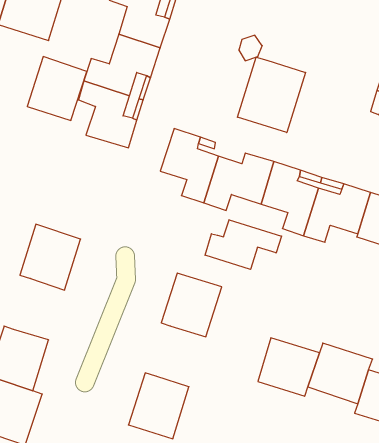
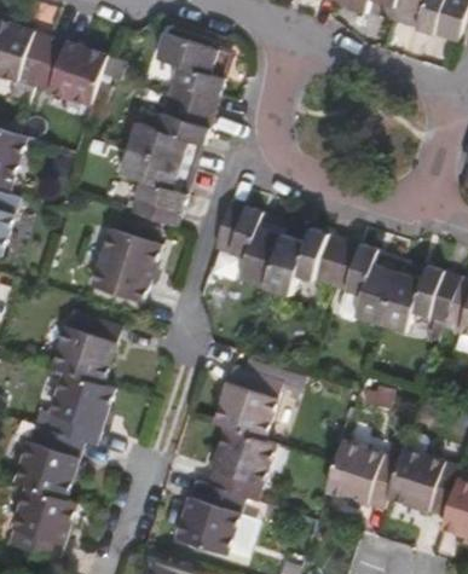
building: [27,57,87,120] -> [94,225,162,297]
building: [237,57,306,133] -> none
building: [205,220,282,269] -> none
building: none -> [47,373,117,447]
building: none -> [209,428,276,500]

